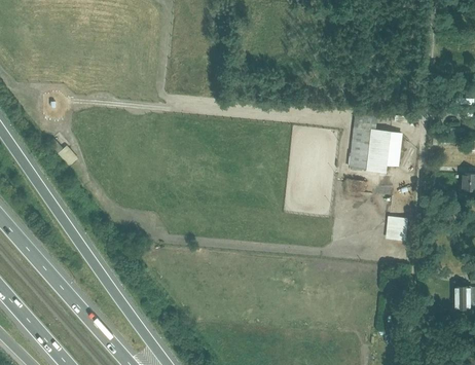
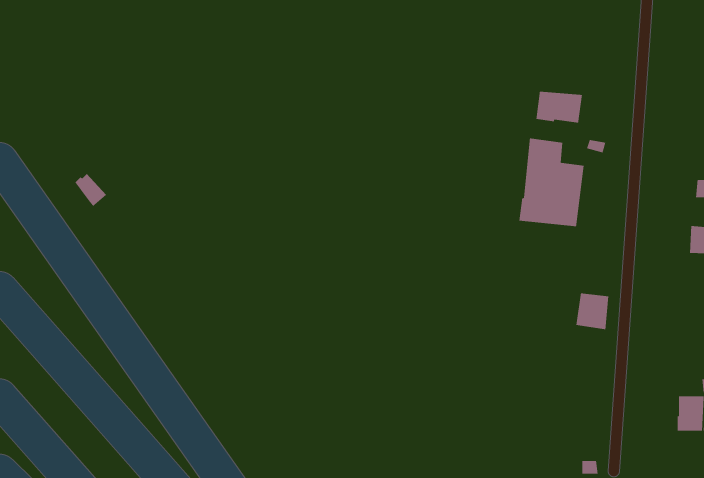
building: none -> [536,91,582,123]

